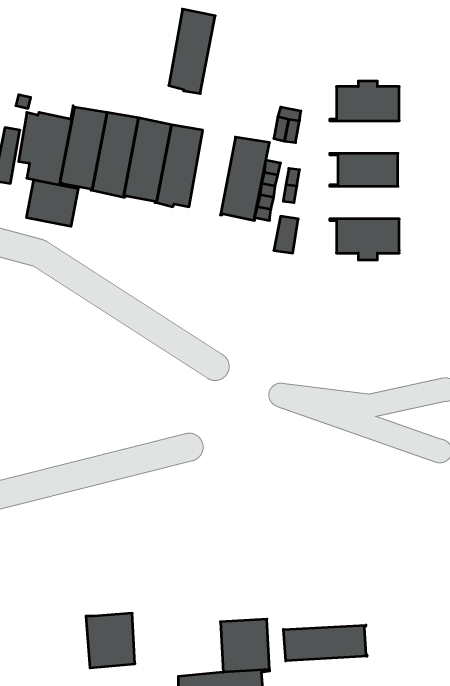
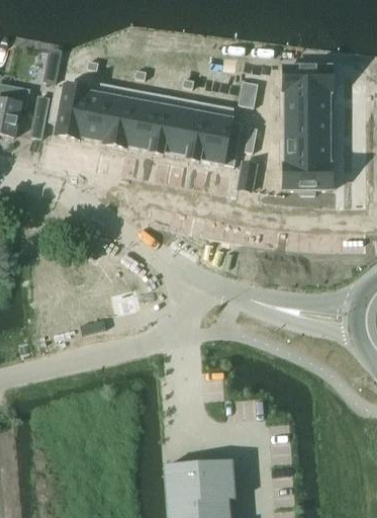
building: [169,9,215,94] -> [175,98,209,161]
building: none -> [279,91,331,115]
building: [27,180,78,226] -> none
building: none -> [279,140,331,164]
building: [86,613,135,668] -> [164,462,200,503]
building: [283,625,367,661] -> none

